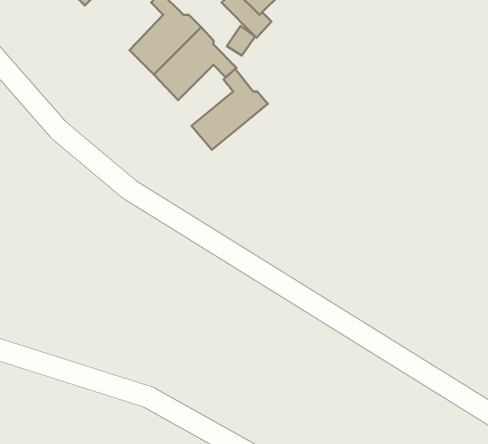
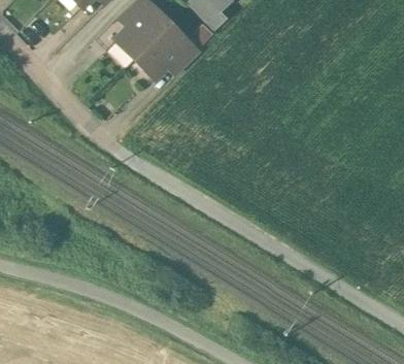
building: [192,69,268,150] -> none

